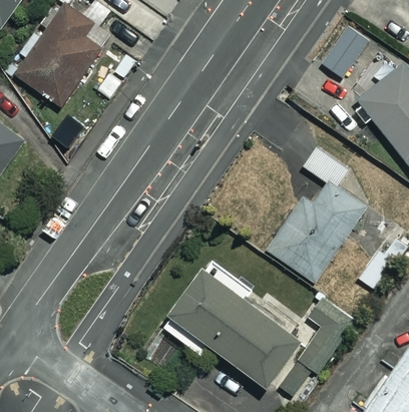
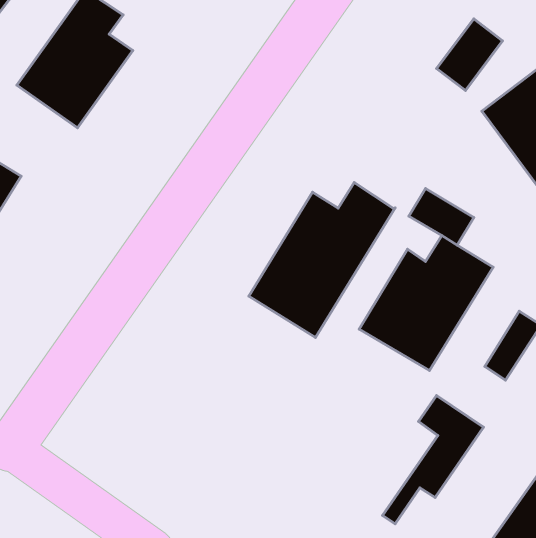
building: none -> [249,182,395,338]
building: [160,258,300,387] -> none

